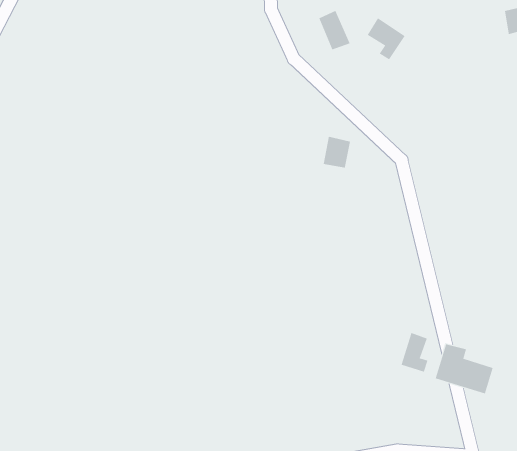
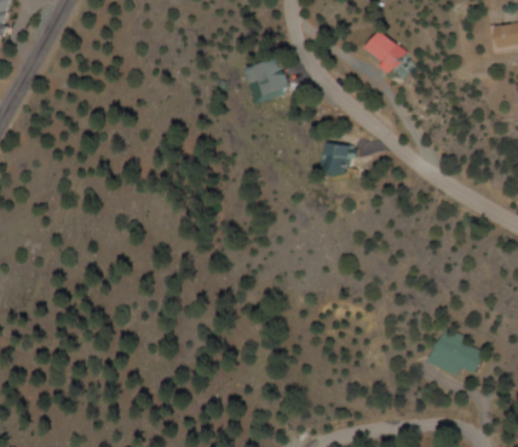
building: [319,10,351,50] -> [258,59,287,96]
building: [401,332,428,372] -> none

